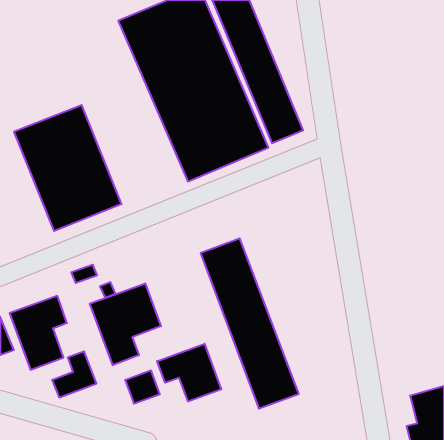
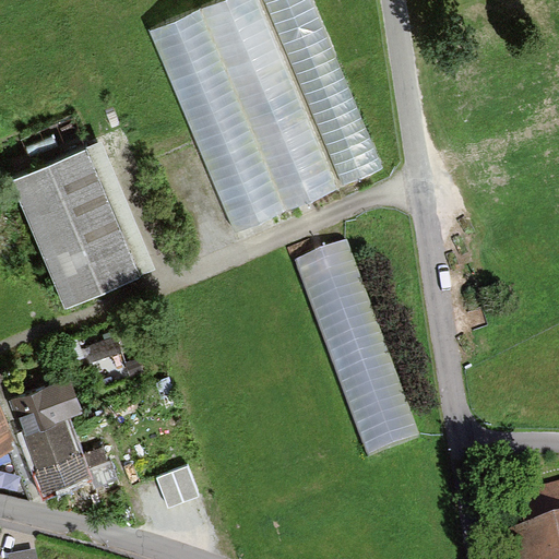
building: [201,238,299,409] -> [296,246,419,460]
building: [90,283,161,365] -> none
building: [157,344,221,401] -> none

